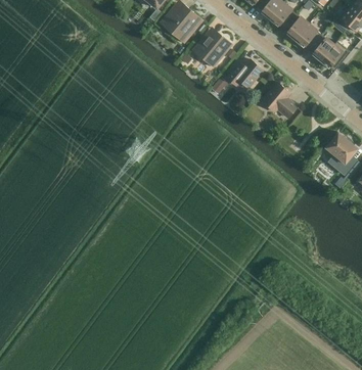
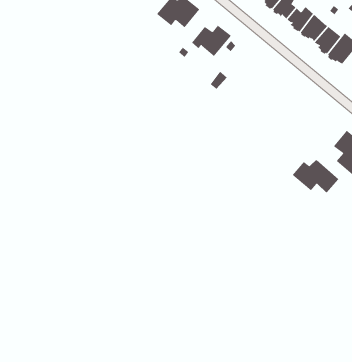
building: [227,59,264,88] -> none
building: [263,82,298,118] -> none
building: none -> [292,159,339,194]

